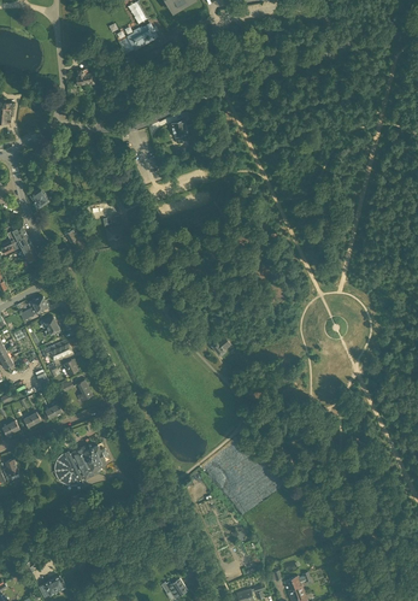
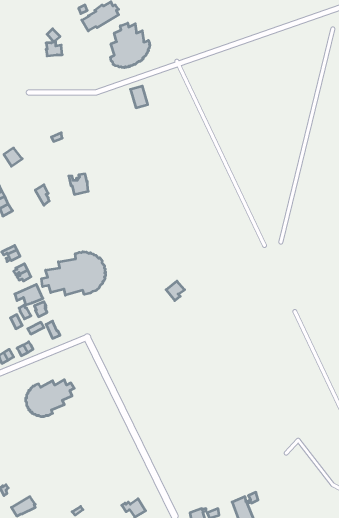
building: none -> [111,23,150,68]
building: none -> [42,252,106,295]

